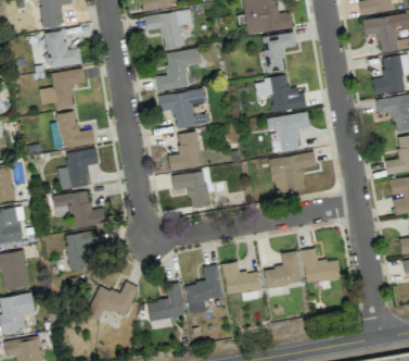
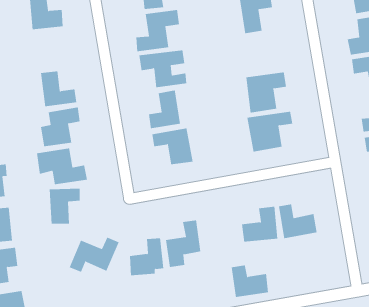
building: [40,69,86,109] -> none
building: [254,76,305,112] -> none
building: [222,261,261,295] -> [231,265,269,298]

